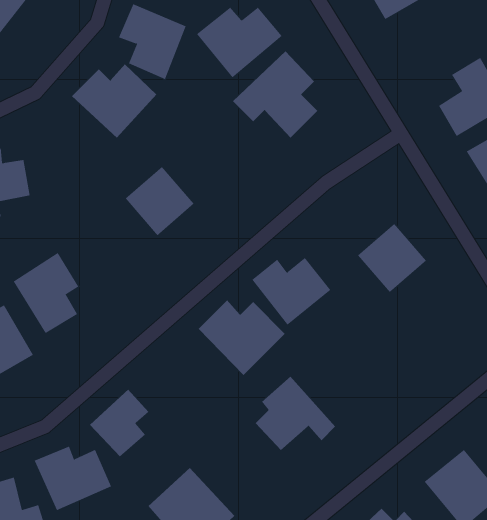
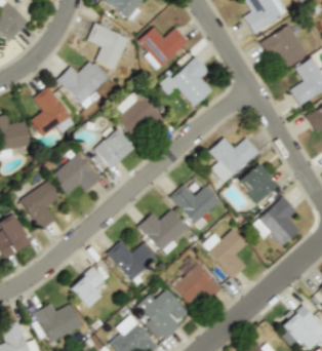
building: none -> [261,25,308,68]
building: none -> [31,86,76,135]
building: none -> [111,88,166,135]
building: none -> [209,134,260,184]
building: none -> [51,151,103,195]
building: none -> [251,197,299,245]
building: none -> [202,229,251,280]
building: none -> [107,238,158,282]
building: none -> [137,290,192,343]

